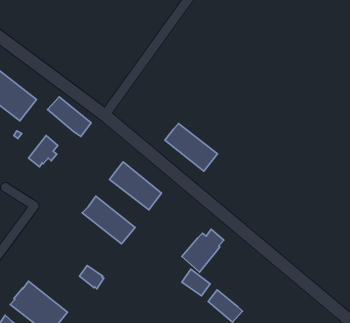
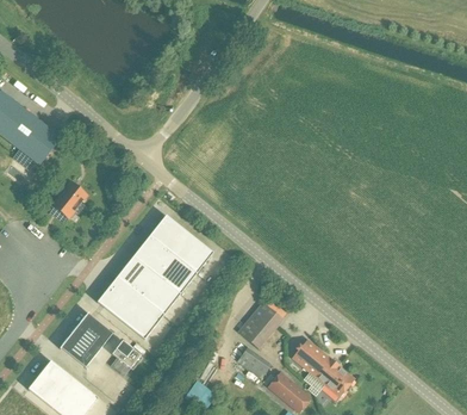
building: [48,97,91,137] -> none
building: [165,123,217,171] -> [132,235,197,293]
building: none -> [96,275,163,337]
building: none -> [61,311,113,365]
building: none -> [292,337,355,397]

